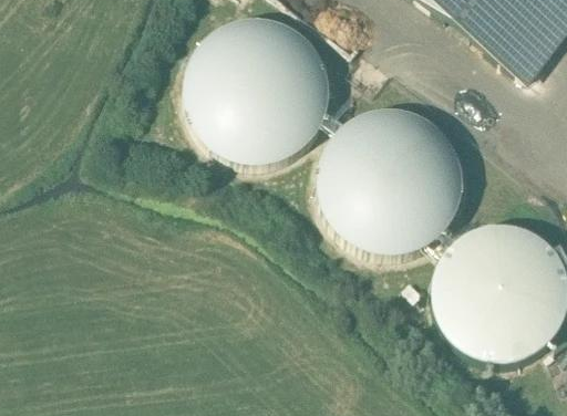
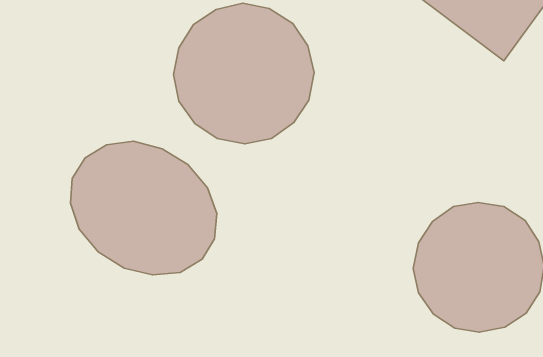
building: [326,115,464,254] -> none
building: none -> [71,141,217,275]

